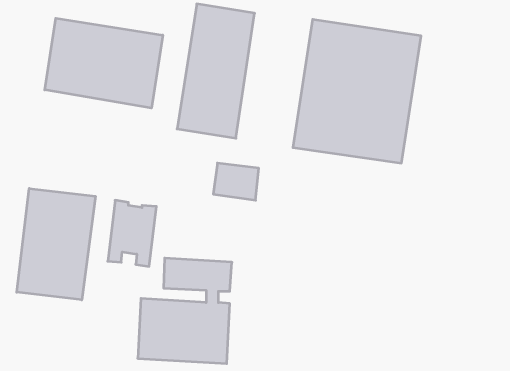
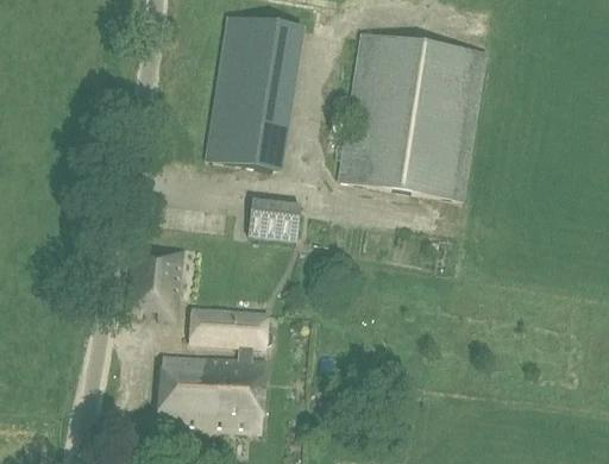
building: [45,18,163,108] -> none
building: [17,188,95,300] -> none

